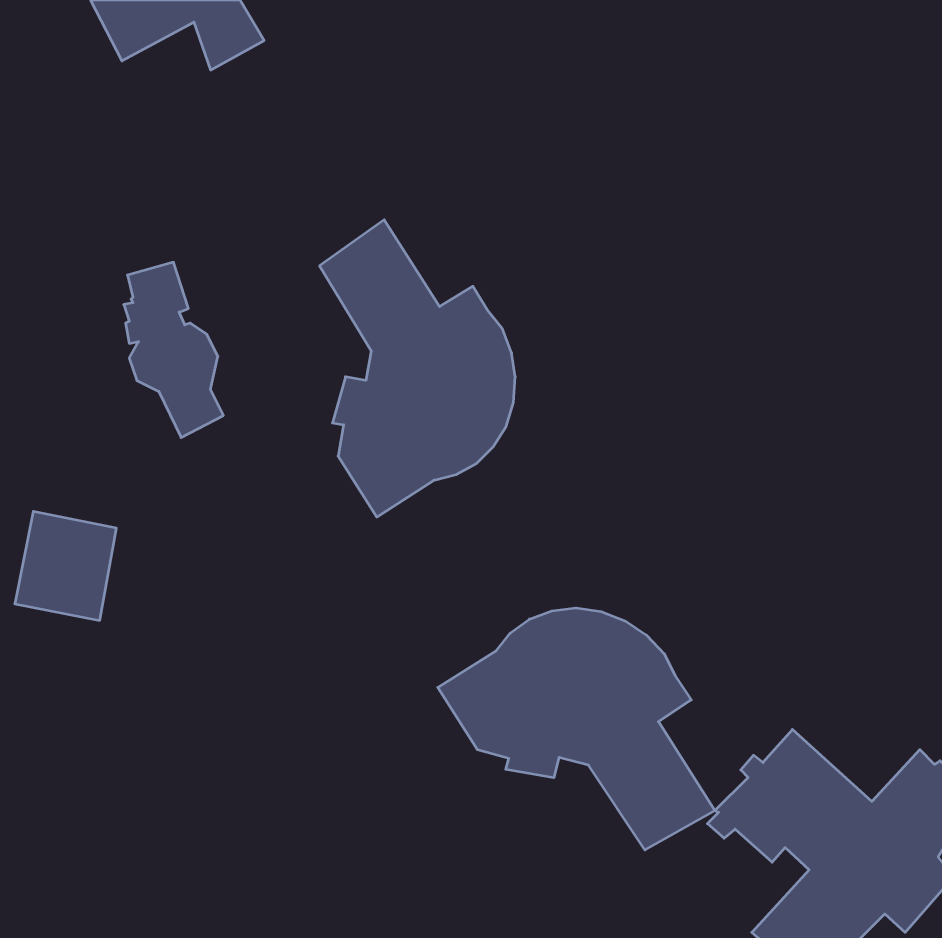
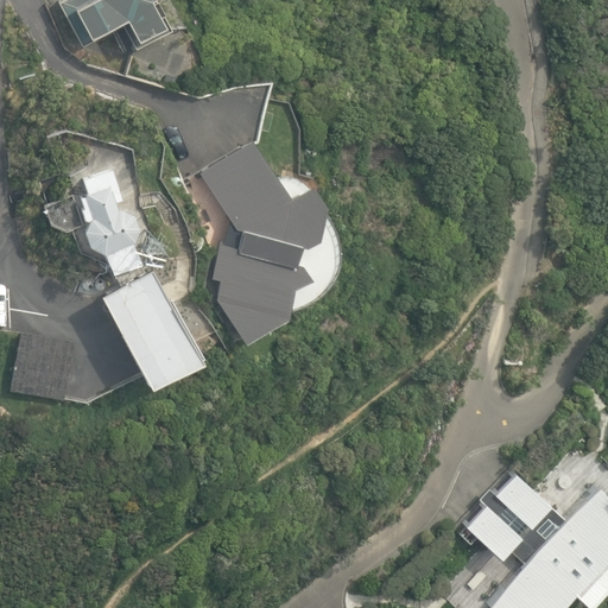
building: none -> [99,268,201,386]
building: [438,608,715,850] -> none

